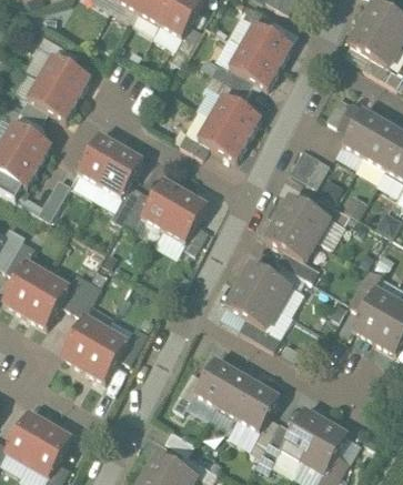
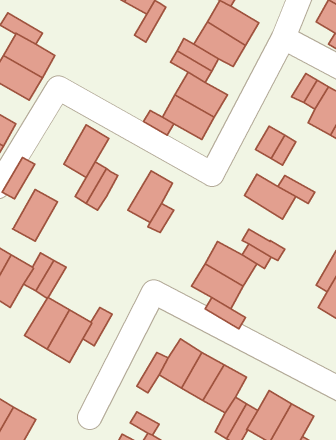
building: [78,133,122,184] -> [13,190,57,241]
building: [142,178,187,230] -> none
building: [265,215,316,261] -> none

